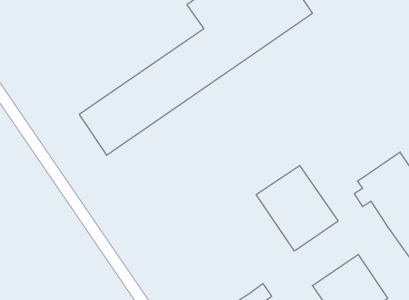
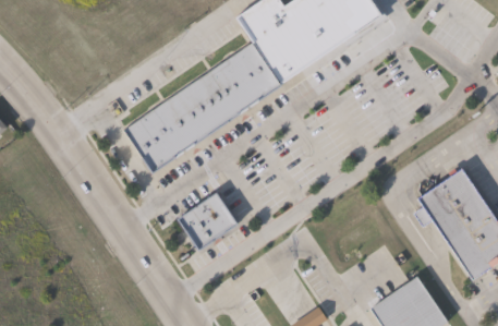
building: [256,166,338,251] -> none
building: none -> [180,191,240,249]

